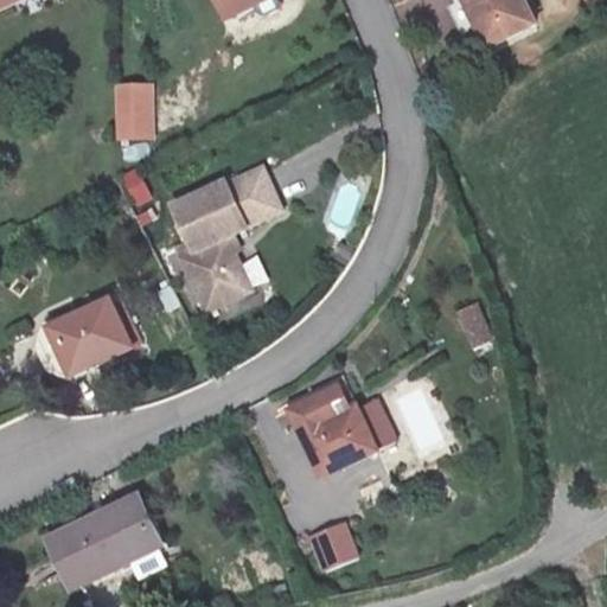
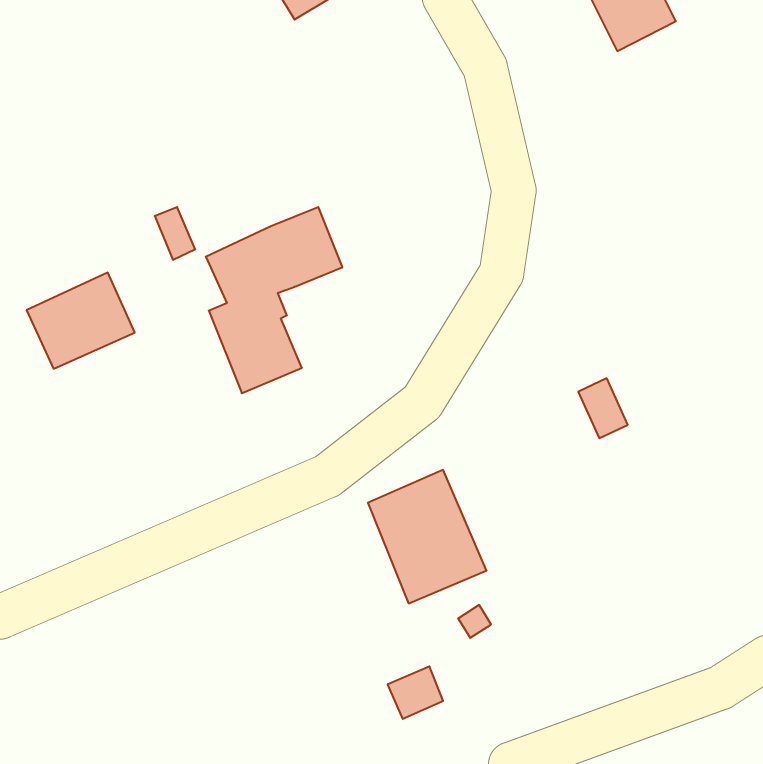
building: [119,82,153,134] -> none
building: [50,295,135,371] -> [27,273,135,369]
building: [41,500,161,590] -> none

